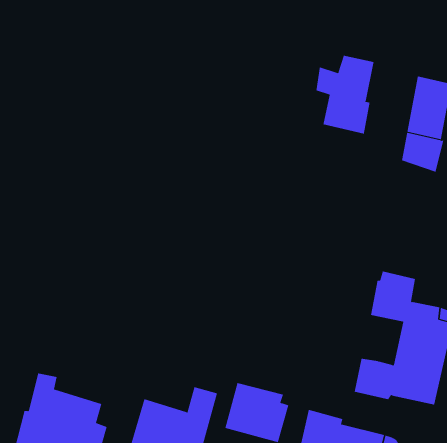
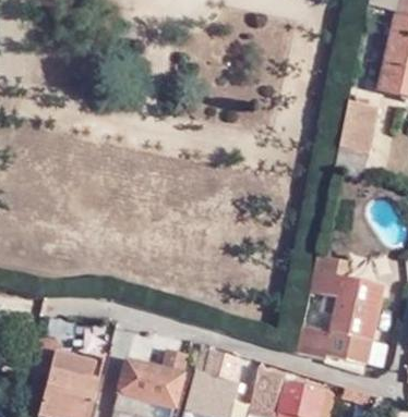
building: [316,55,374,135] -> none

